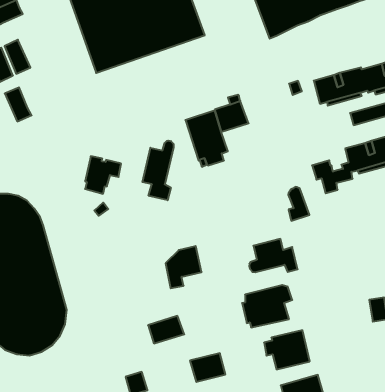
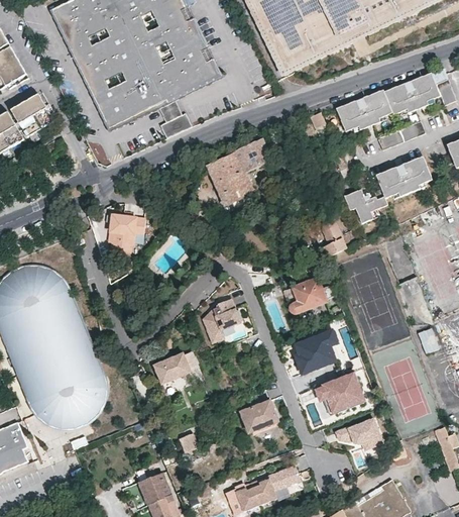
building: [5,87,32,121] -> [25,93,55,128]
building: [142,141,174,200] -> none
building: [148,316,184,343] -> [153,352,192,384]

